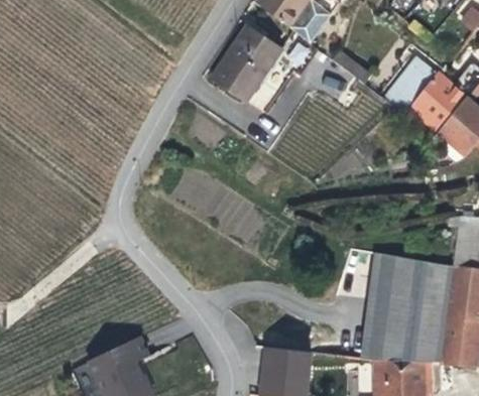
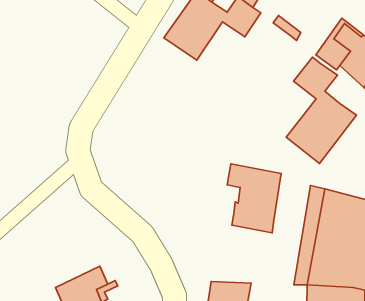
building: none -> [286,57,357,164]
building: none -> [227,164,281,233]

